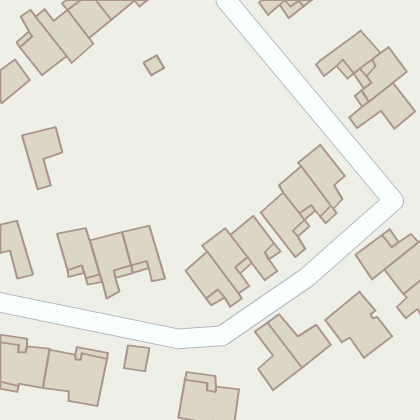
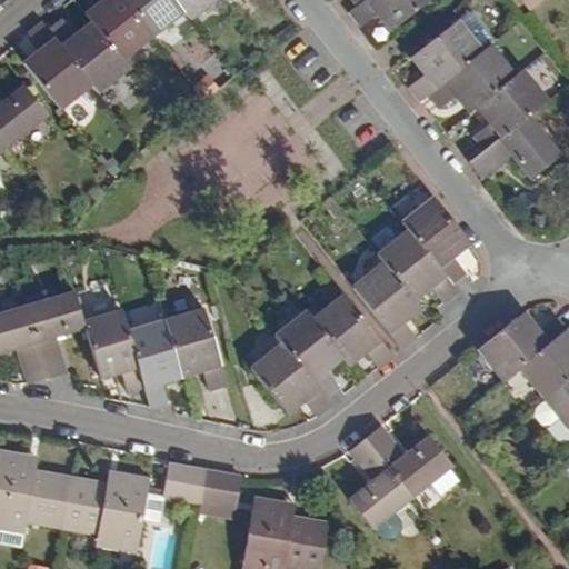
building: none -> [415,18,482,84]
building: [22,127,62,189] -> [26,289,80,372]
building: [325,292,392,358] -> none
building: none -> [198,471,236,507]

